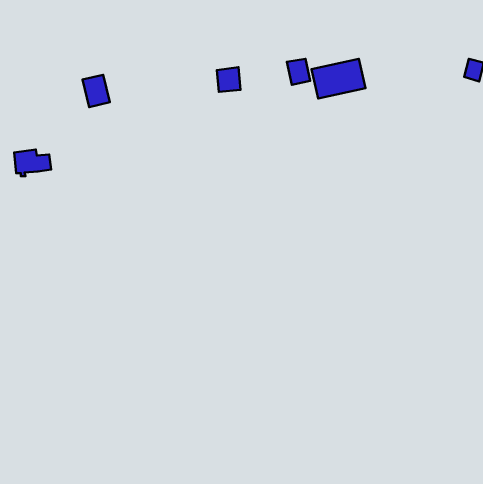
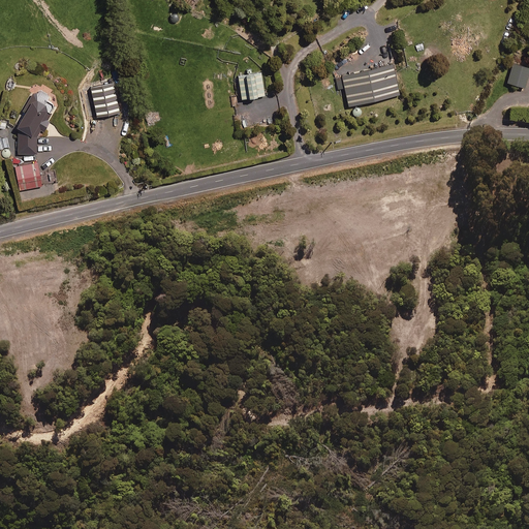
building: [287,59,310,85] -> none
building: none -> [15,92,55,154]

